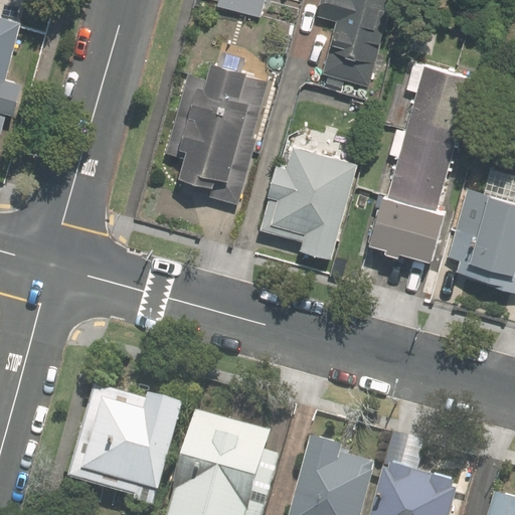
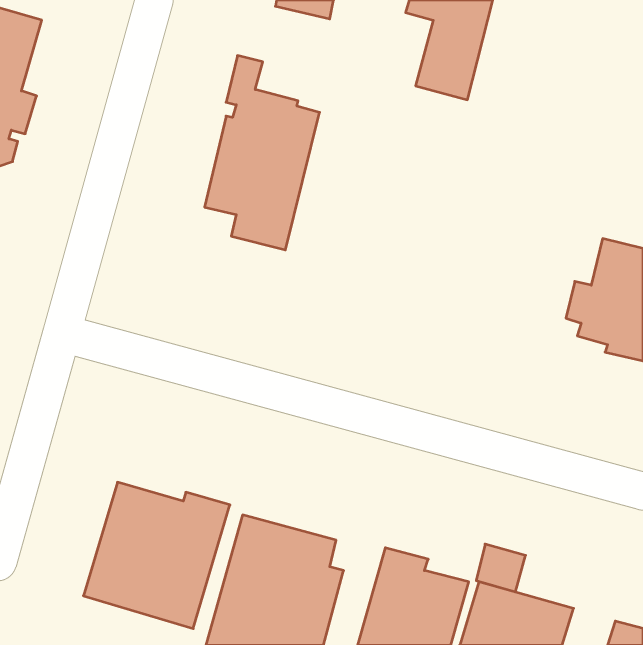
building: [369,63,474,258] -> none
building: [263,144,358,255] -> none

